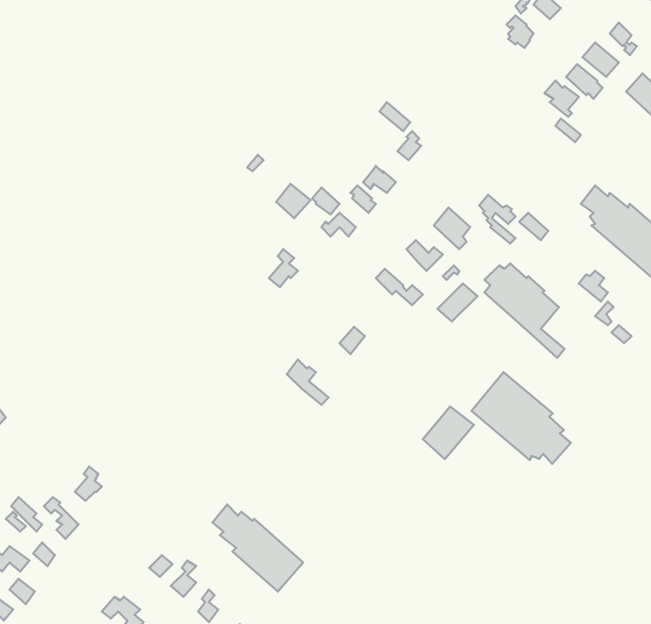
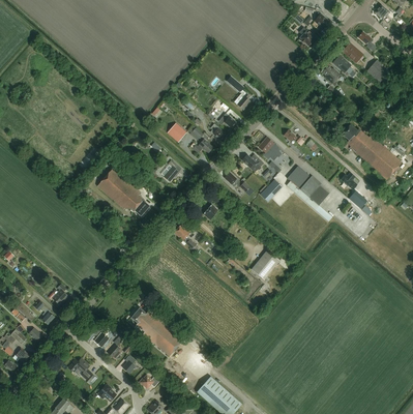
building: none -> [97,168,150,215]
building: [471,372,571,464] -> none

